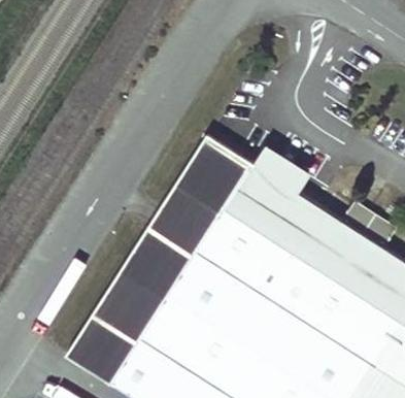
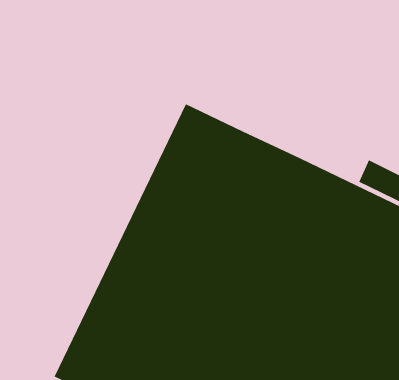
building: [254,144,312,194] -> none

